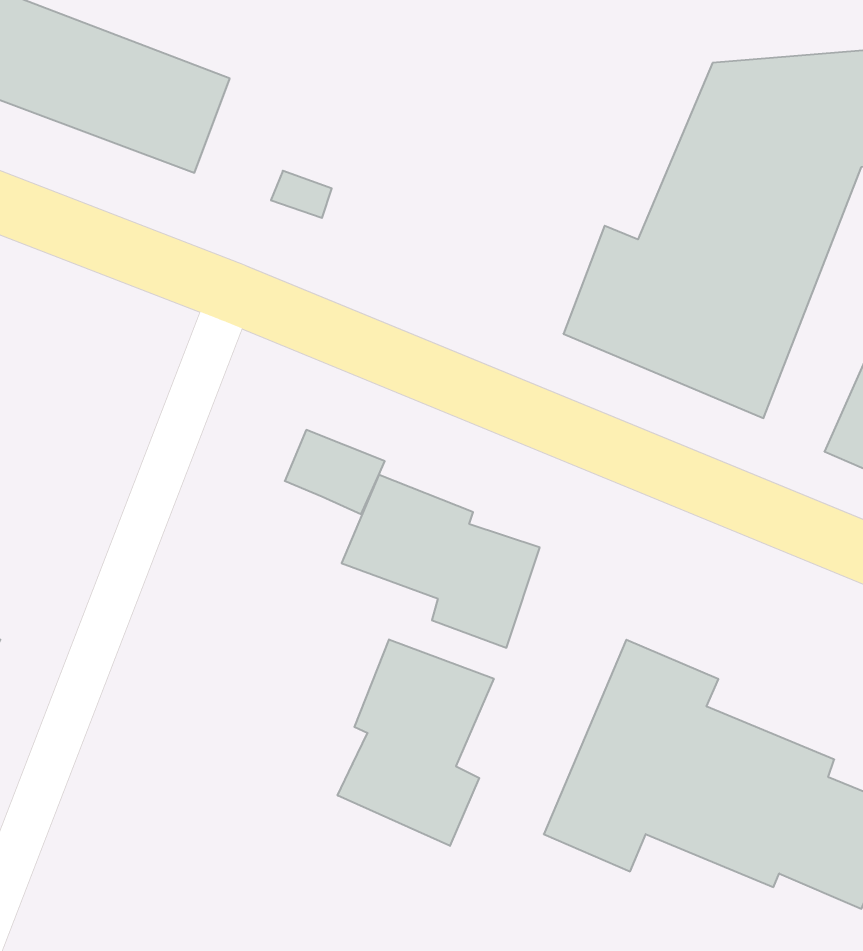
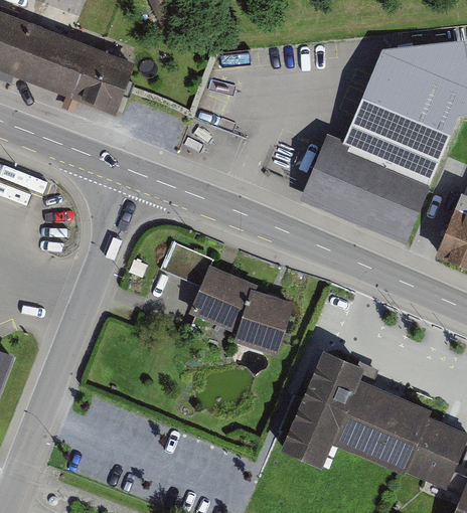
building: [338,639,494,846] -> none

